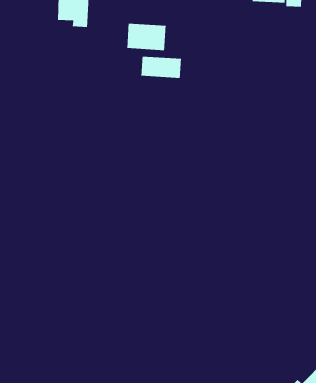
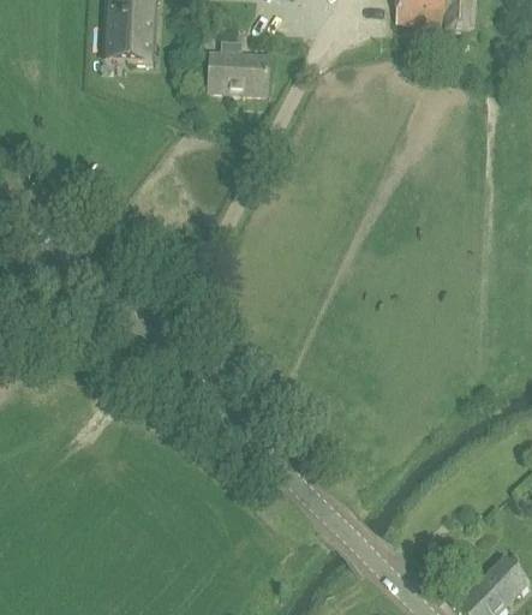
building: [141,56,182,79] -> none

